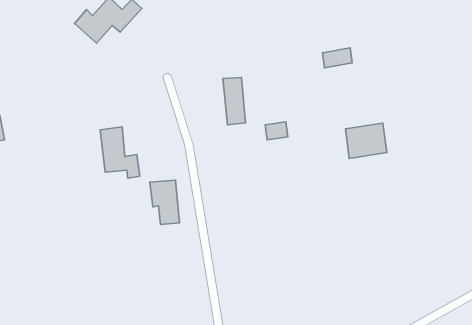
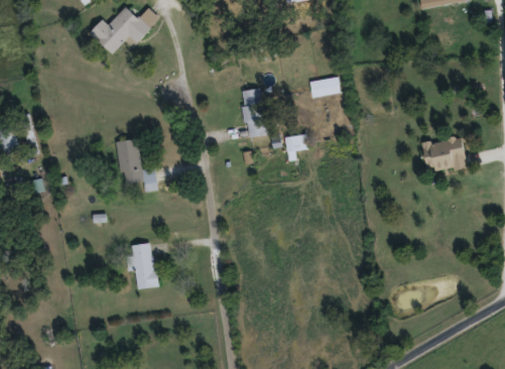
building: [323,48,352,68] -> [309,77,340,97]
building: [345,123,387,159] -> [423,136,466,172]
building: [150,180,179,225] -> [127,244,157,289]

